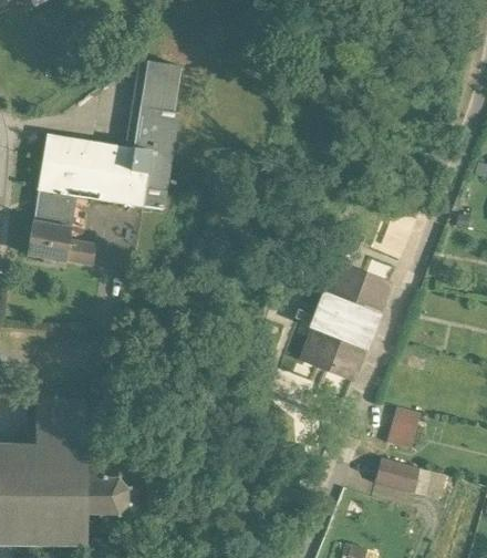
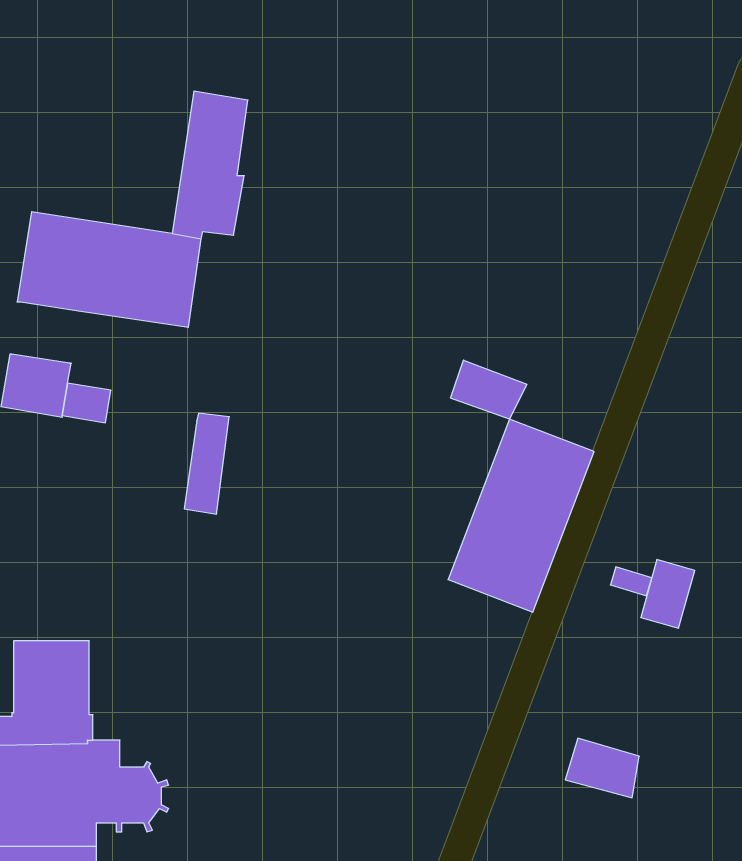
building: [142,147,169,209] -> [184,413,229,514]
building: [33,190,74,228] -> none
building: none -> [450,360,527,419]
building: [386,407,419,450] -> [641,560,695,628]

